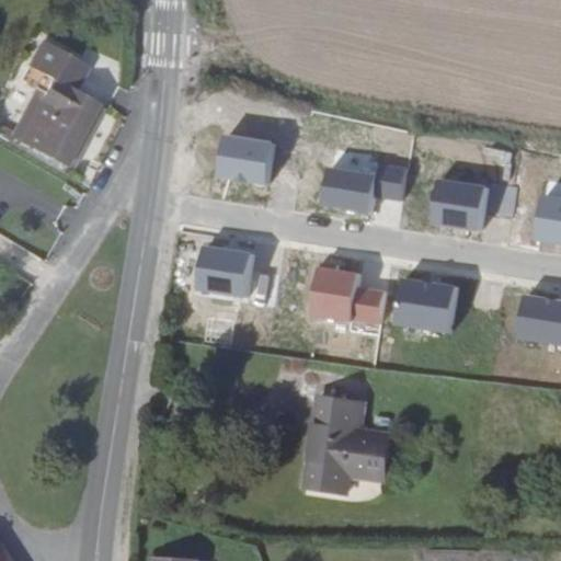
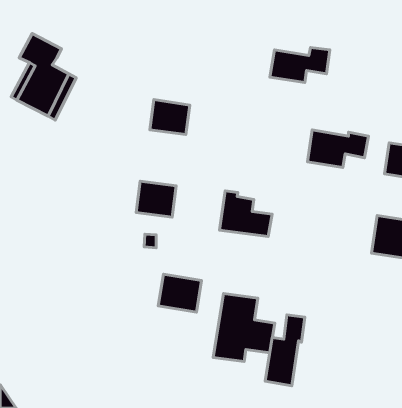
building: [323,163,405,211] -> [270,47,330,83]
building: [396,277,457,332] -> none
building: none -> [158,274,201,312]
building: none -> [265,315,305,386]

